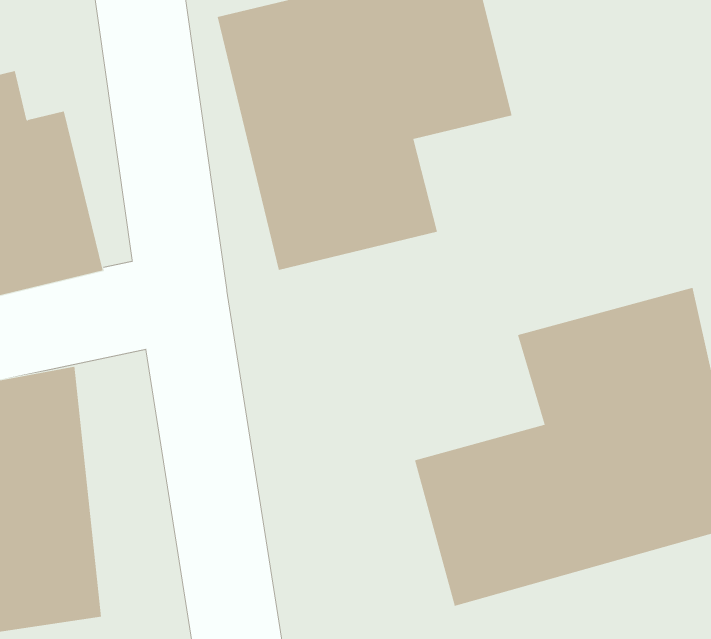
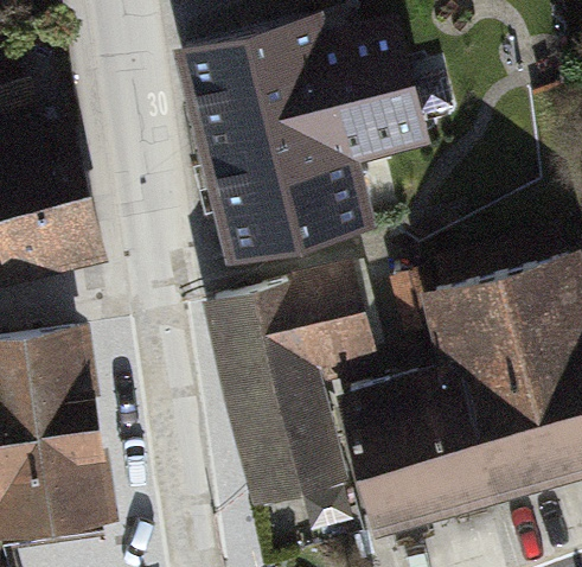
building: none -> [211,272,371,498]

